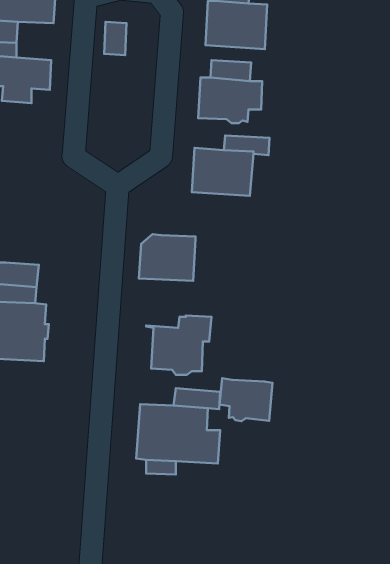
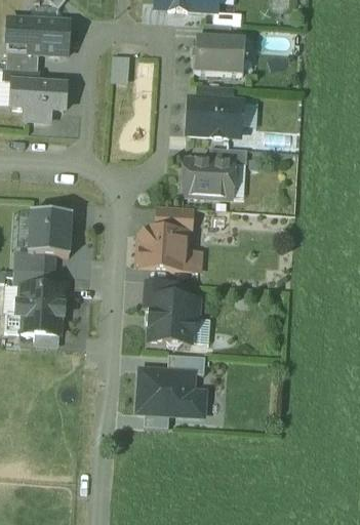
building: none -> [157,205,192,233]
building: none -> [28,214,73,255]
building: none -> [145,278,178,307]
building: [219,378,272,421] -> none

